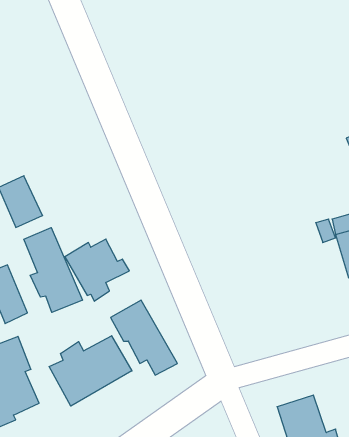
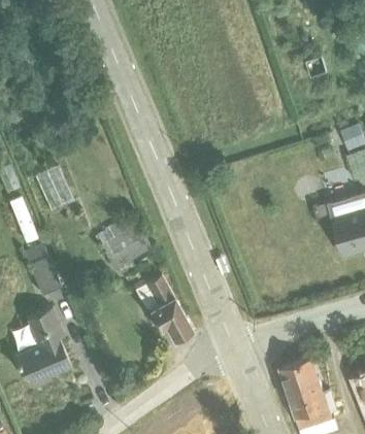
building: [24,228,82,312] -> none
building: [49,336,132,406] -> none

